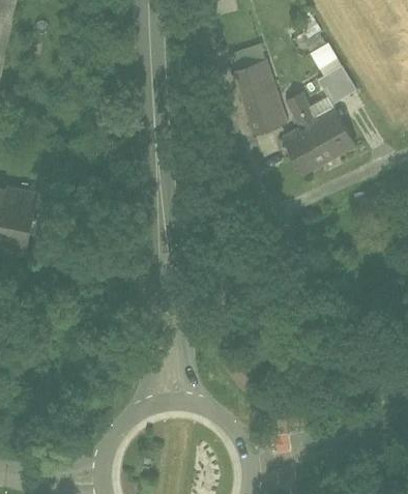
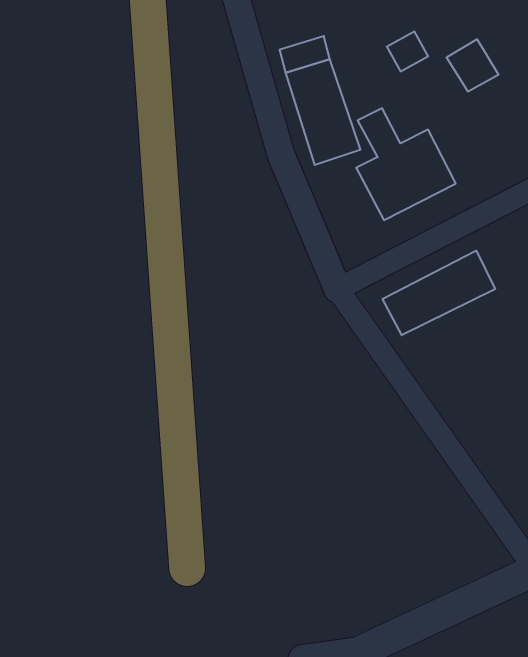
building: [319,67,354,103] -> [446,39,499,91]
building: none -> [383,251,495,335]

